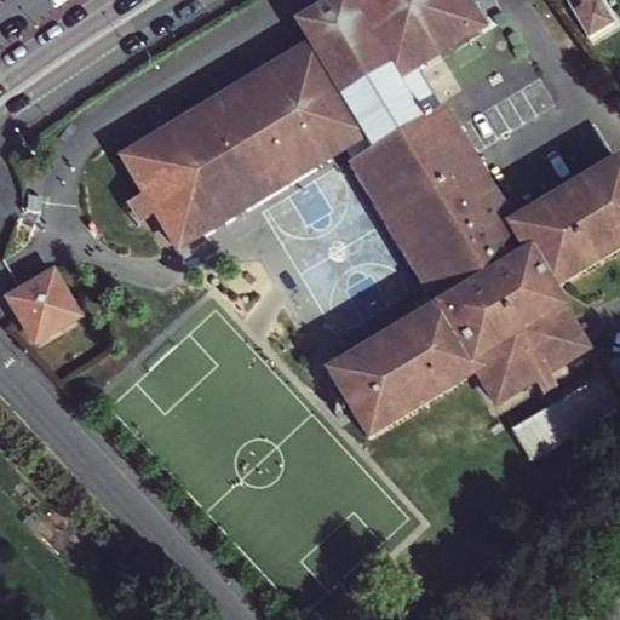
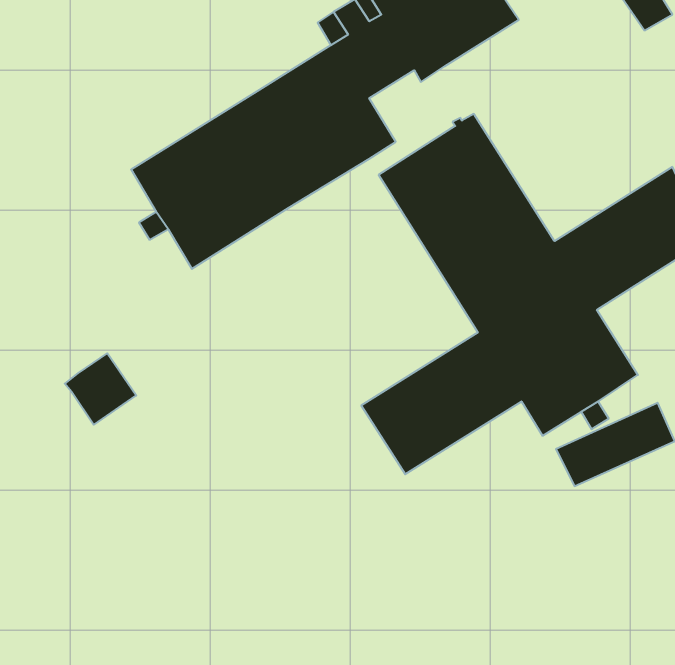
building: [339,61,435,160] -> none
building: [16,271,81,337] -> [65,353,136,425]

